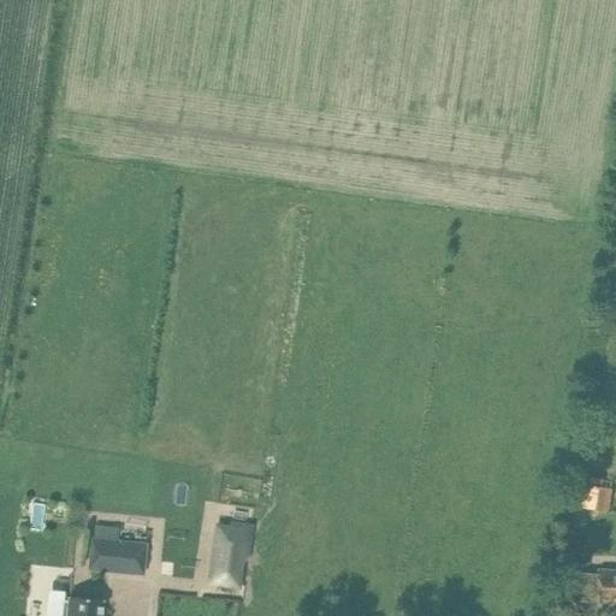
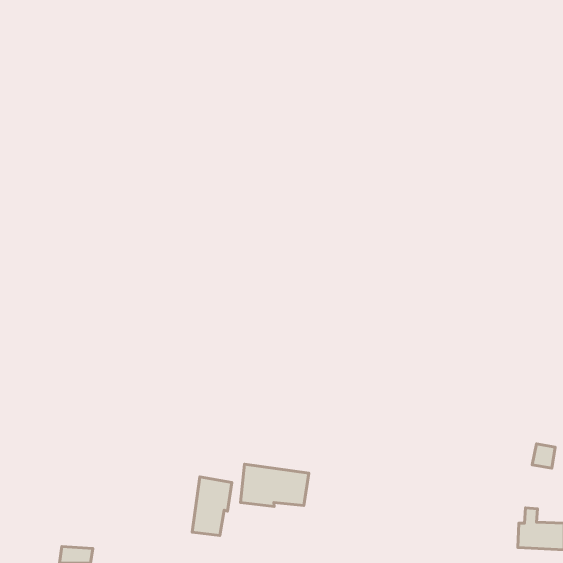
building: none -> [241,464,309,507]
building: [89,537,147,574] -> none

